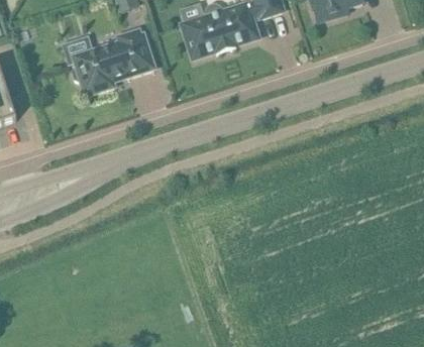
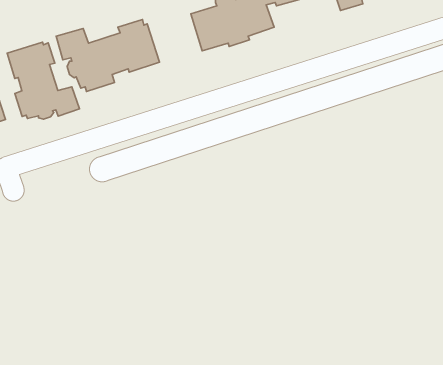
building: none -> [7,42,79,119]

